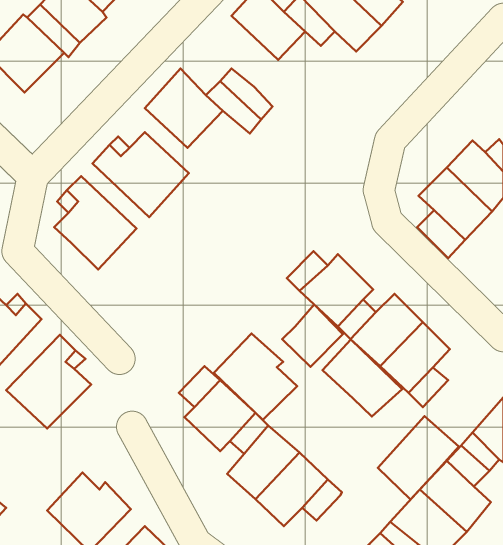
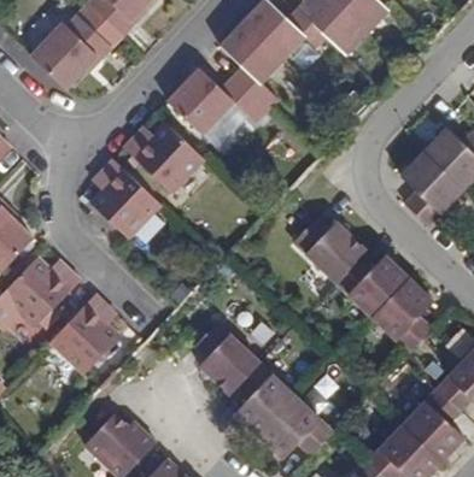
building: none -> [218,23,281,83]
building: [282,305,343,367] -> none
building: [214,333,297,420] -> none
building: [323,339,402,417] -> none
building: [378,416,459,500] -> none

